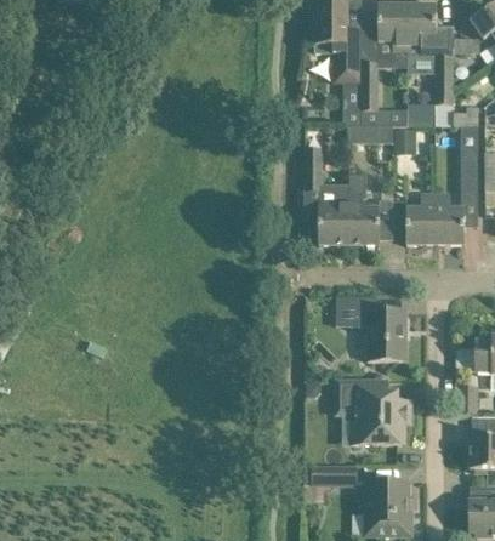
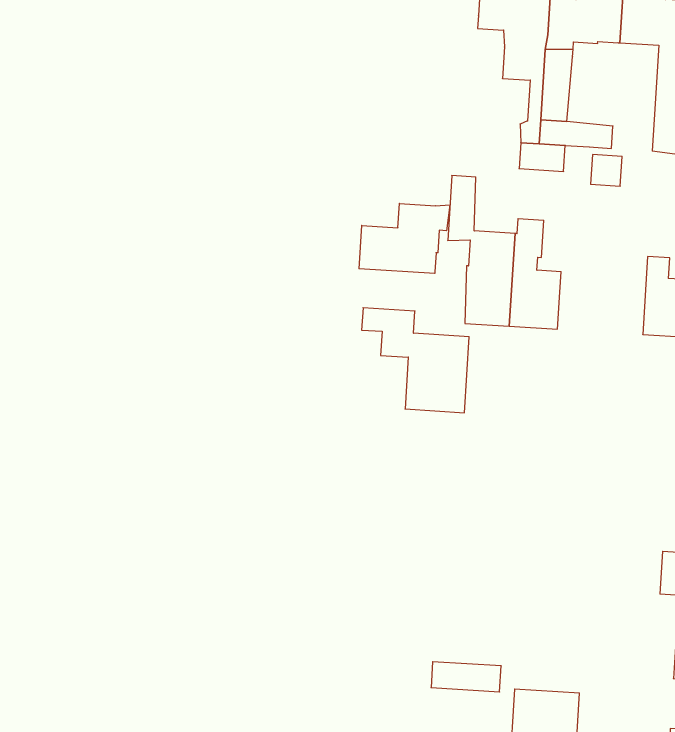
building: none -> [359,203,450,273]
building: [406,193,436,244] -> none
building: [336,295,406,359] -> [362,308,469,413]
building: [335,380,411,443] -> none

